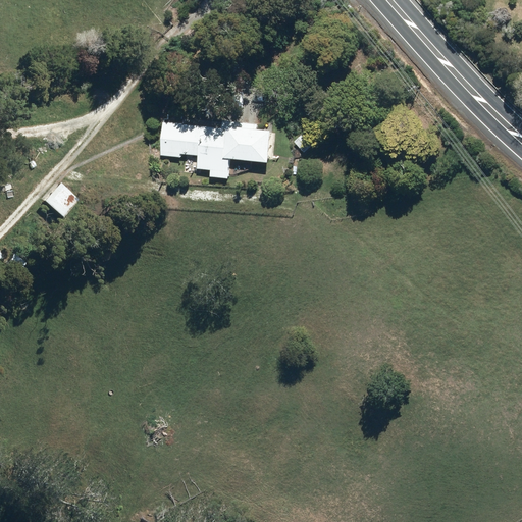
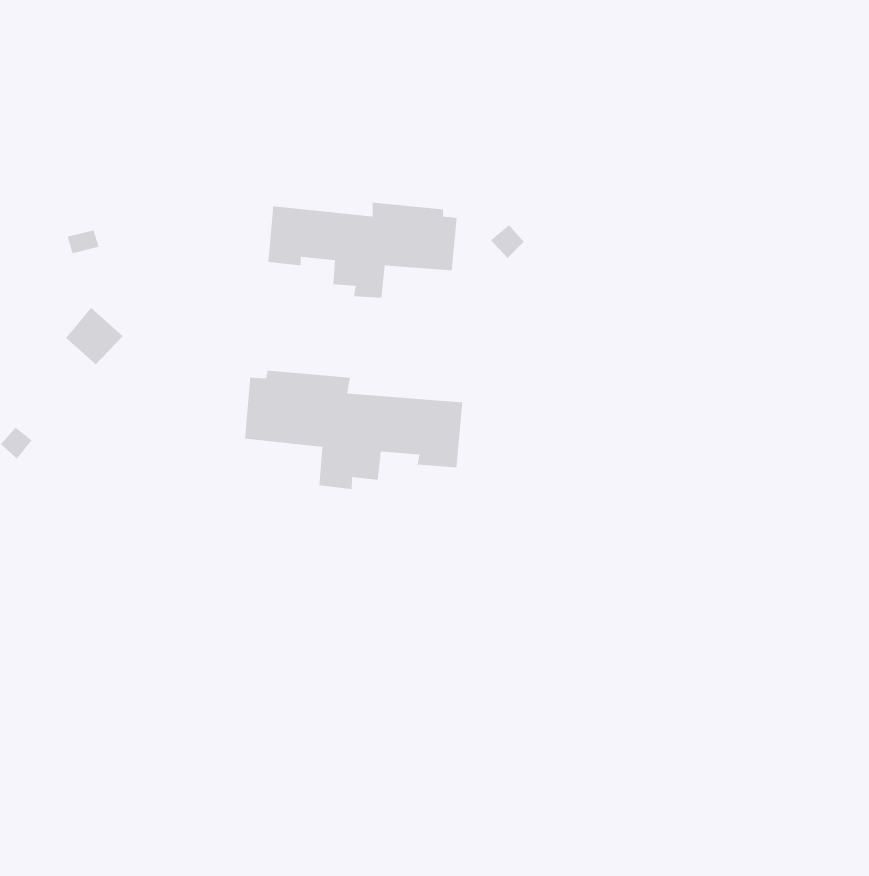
building: none -> [245,370,463,490]

